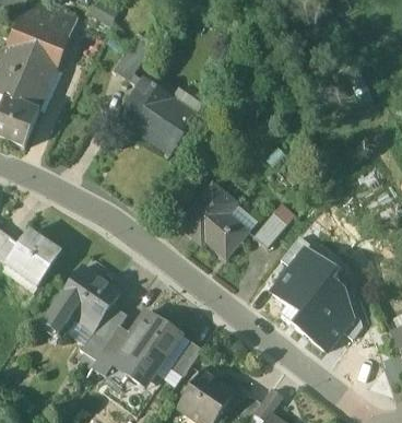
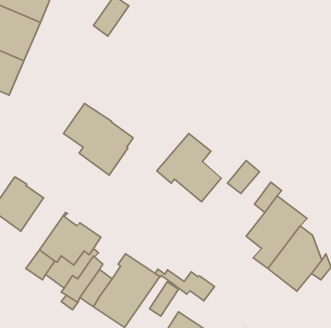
building: [121,77,194,152] -> [64,104,133,175]
building: none -> [155,269,215,301]

